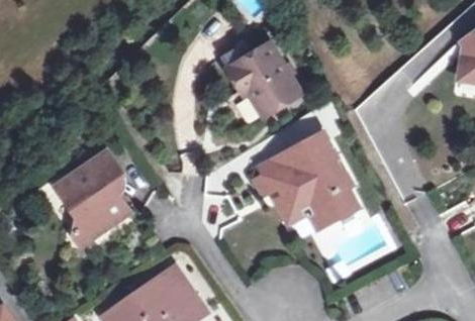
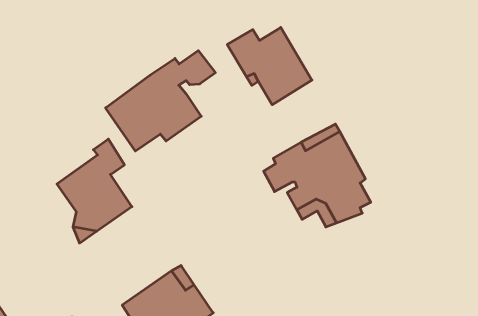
building: none -> [106,51,215,151]

